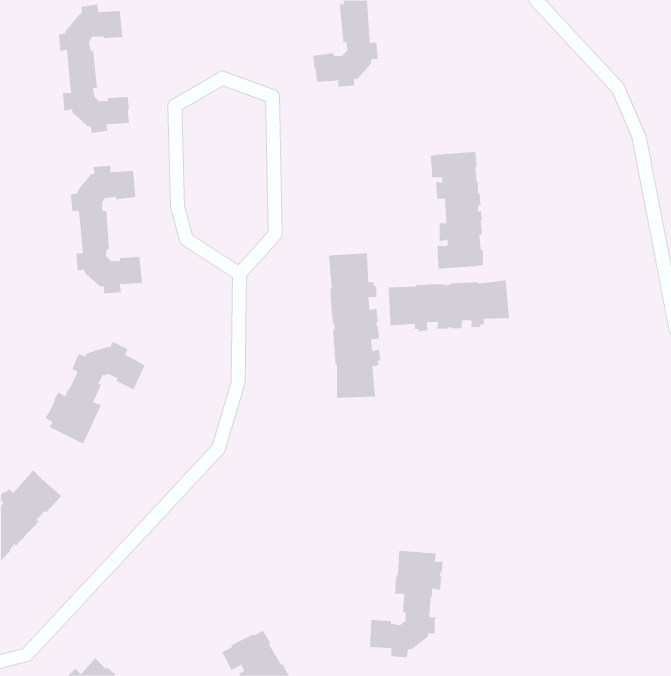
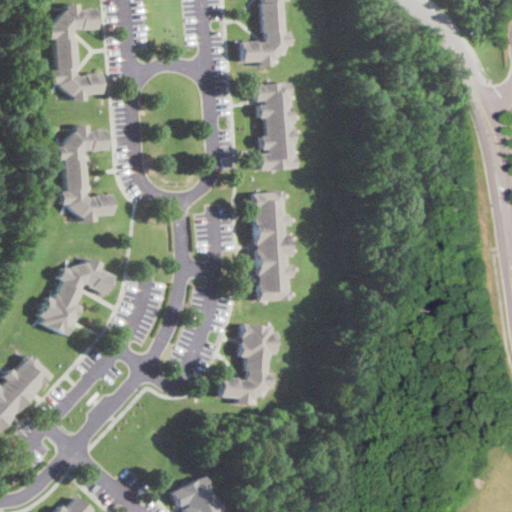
building: [430,152,484,269] -> [254,82,295,171]
building: [388,279,509,332] -> none
building: [369,551,443,658] -> [220,324,276,405]

